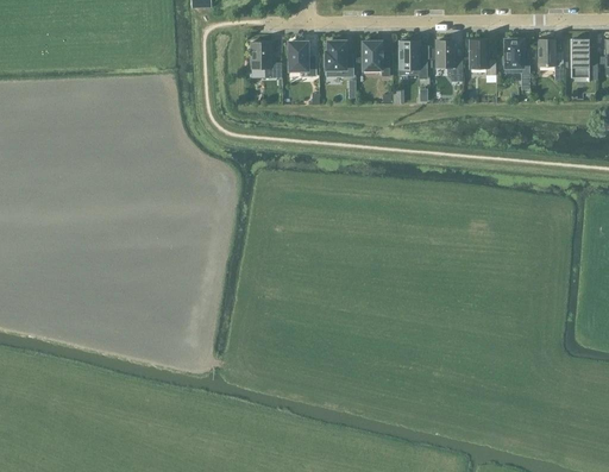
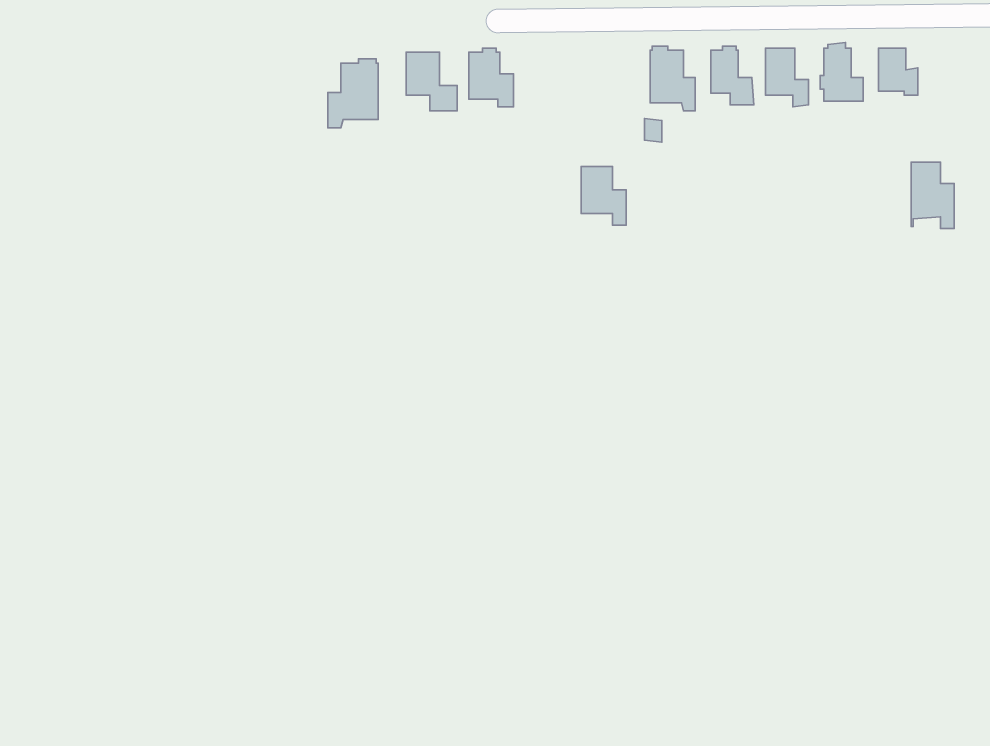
building: [570,38,596,78] -> [911,162,954,229]
building: [322,39,352,75] -> none
building: [362,40,389,76] -> [581,167,626,225]
building: none -> [328,59,378,128]

